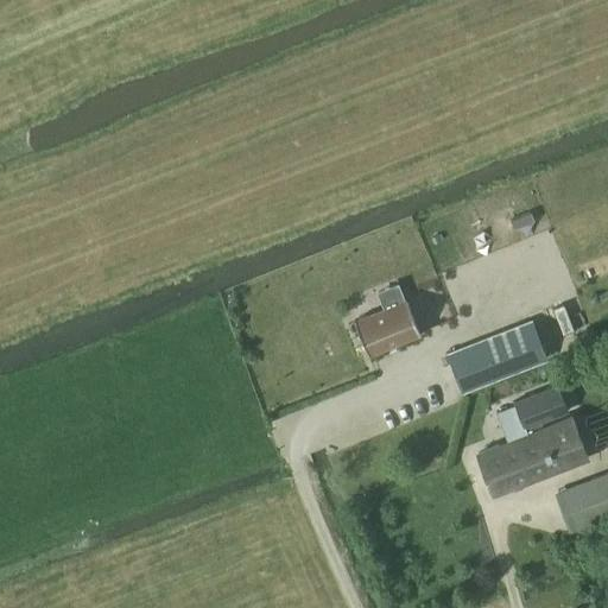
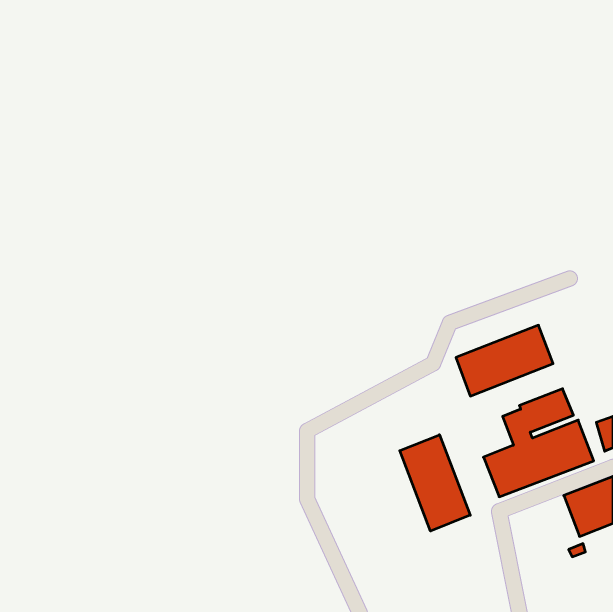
building: [354,300,420,355] -> none
building: none -> [400,435,470,531]

